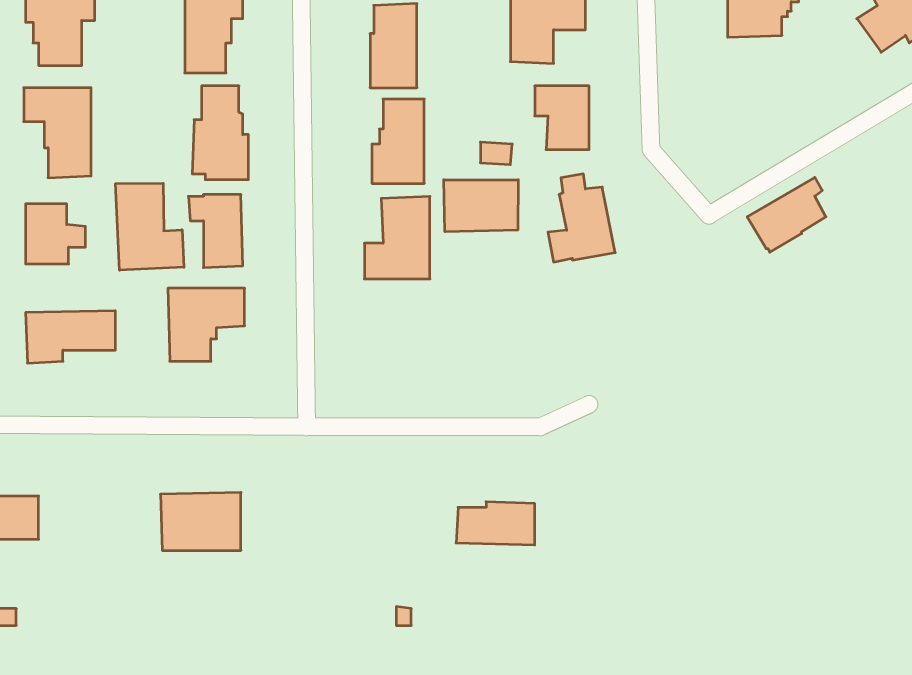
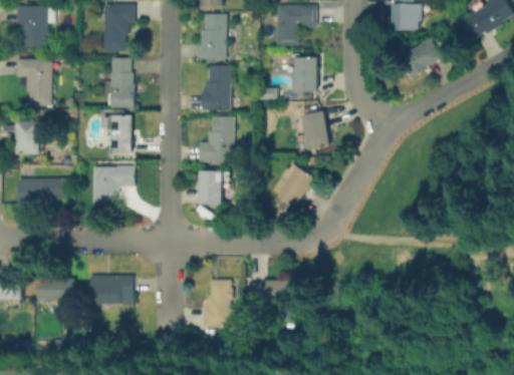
building: [747,177,826,252] -> [401,37,443,77]
building: [444,180,518,232] -> none
building: [116,183,184,270] -> none
building: none -> [271,163,318,207]
building: none -> [200,171,223,205]
building: none -> [39,279,75,301]
building: none -> [203,280,238,327]

